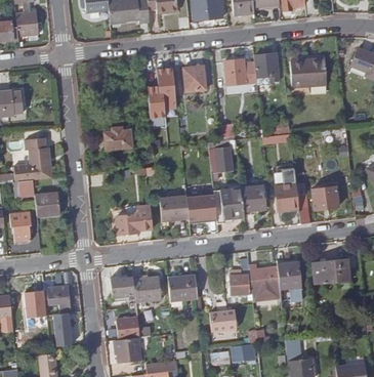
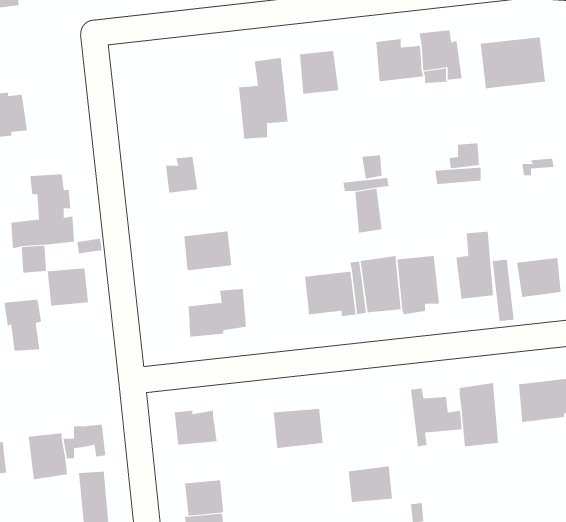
building: [160,197,189,220] -> [183,231,232,271]
building: [230,259,250,296] -> none
building: [133,277,161,302] -> none

